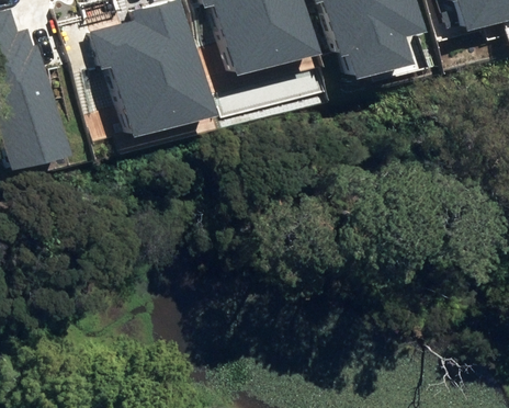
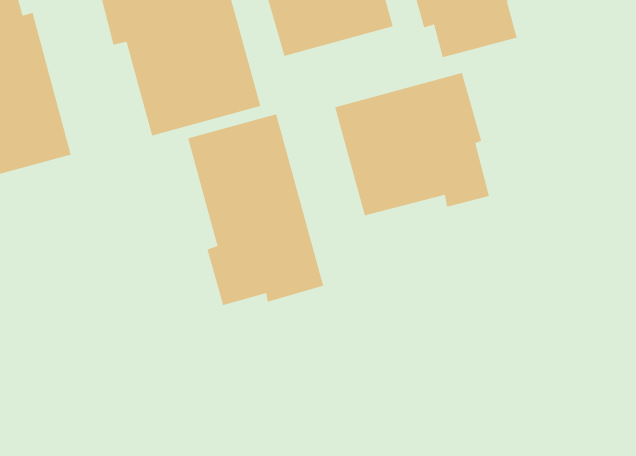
building: none -> [334,72,489,216]
building: none -> [187,113,324,306]

